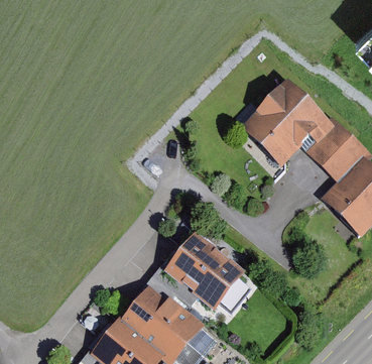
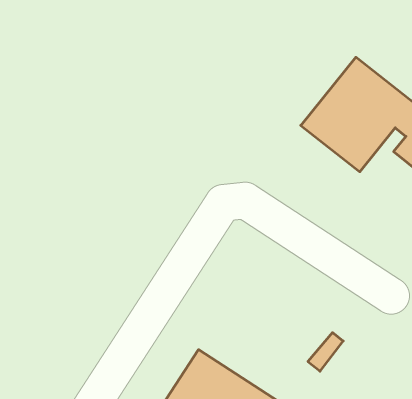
building: [164,234,244,312] -> none

